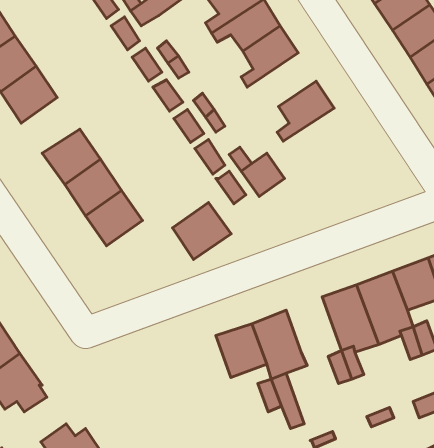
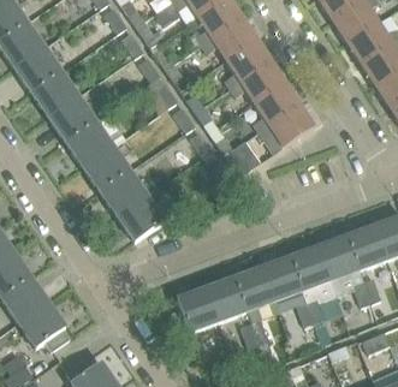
building: none -> [231,61,286,105]
building: none -> [49,97,96,142]
building: none -> [260,106,315,154]
building: [173,202,231,259] -> [118,196,165,242]
building: none -> [262,257,303,302]
building: none -> [171,288,218,335]

